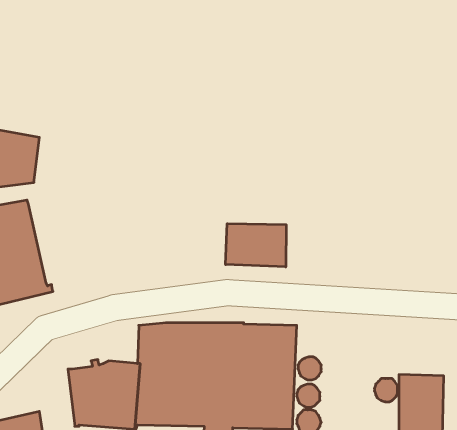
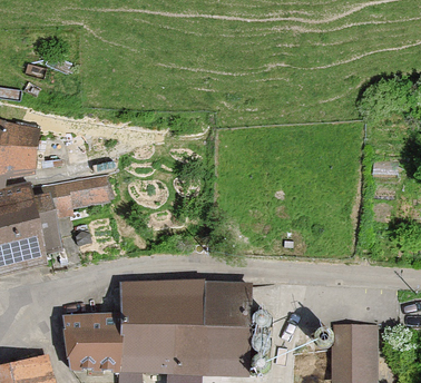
building: none -> [30,173,110,251]
building: [226,224,286,267] -> none

